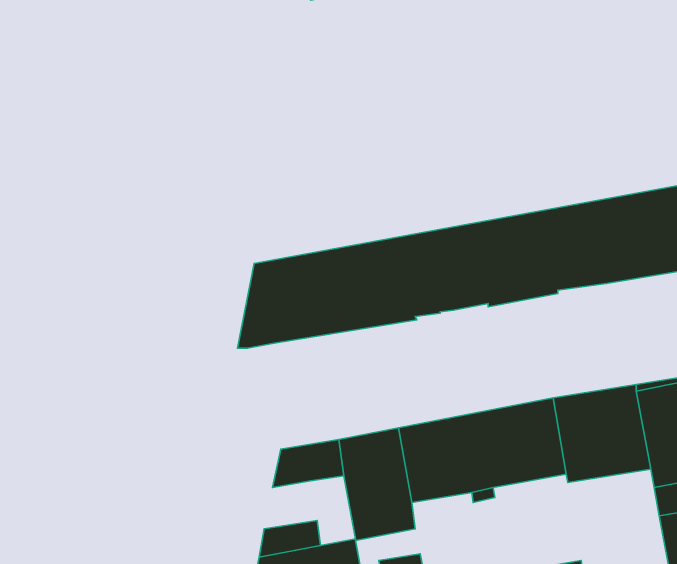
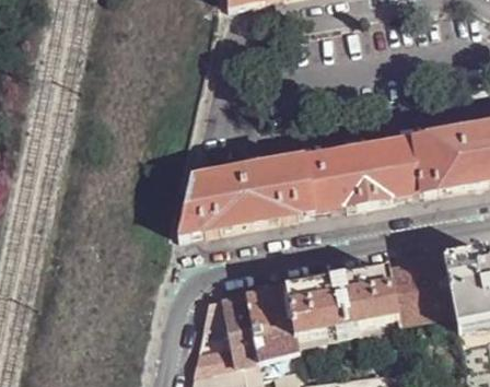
building: none -> [230,317,259,363]

